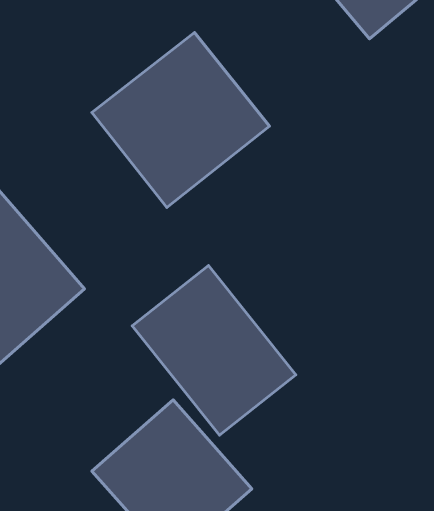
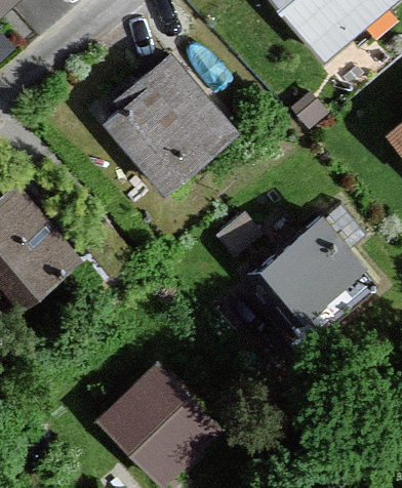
building: none -> [251,215,370,329]
building: [132,266,296,435] -> none

